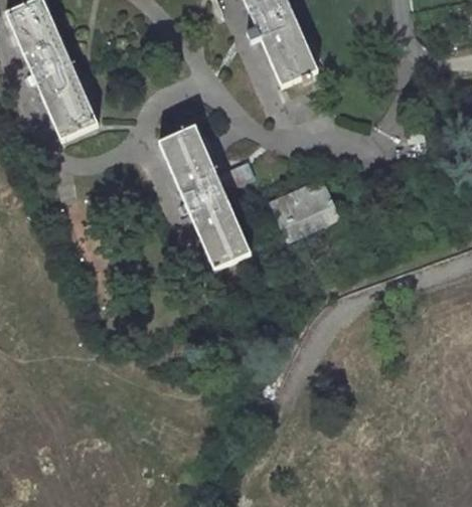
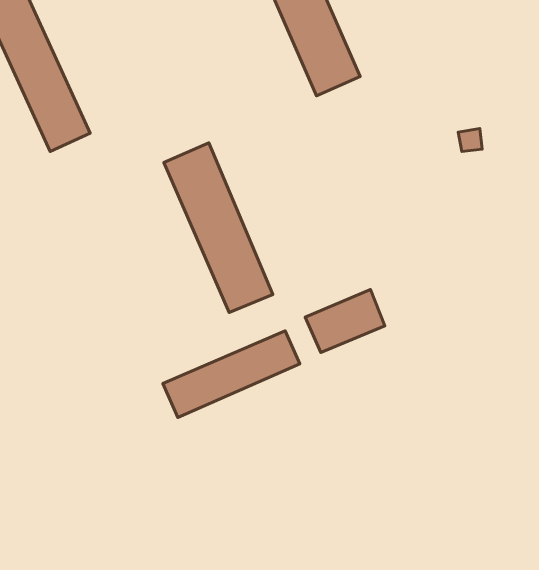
building: [269,186,335,238] -> [305,289,385,352]
building: none -> [163,331,300,418]

